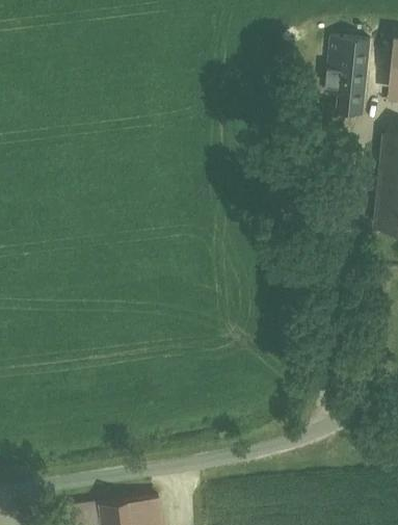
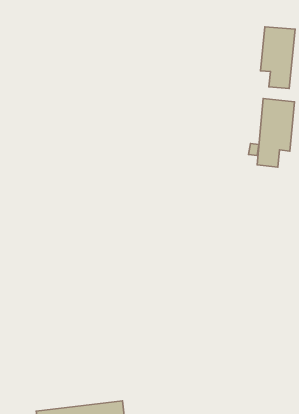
building: none -> [257,98,295,167]

